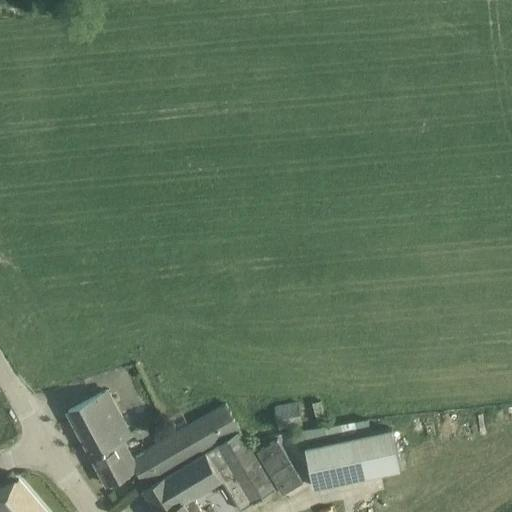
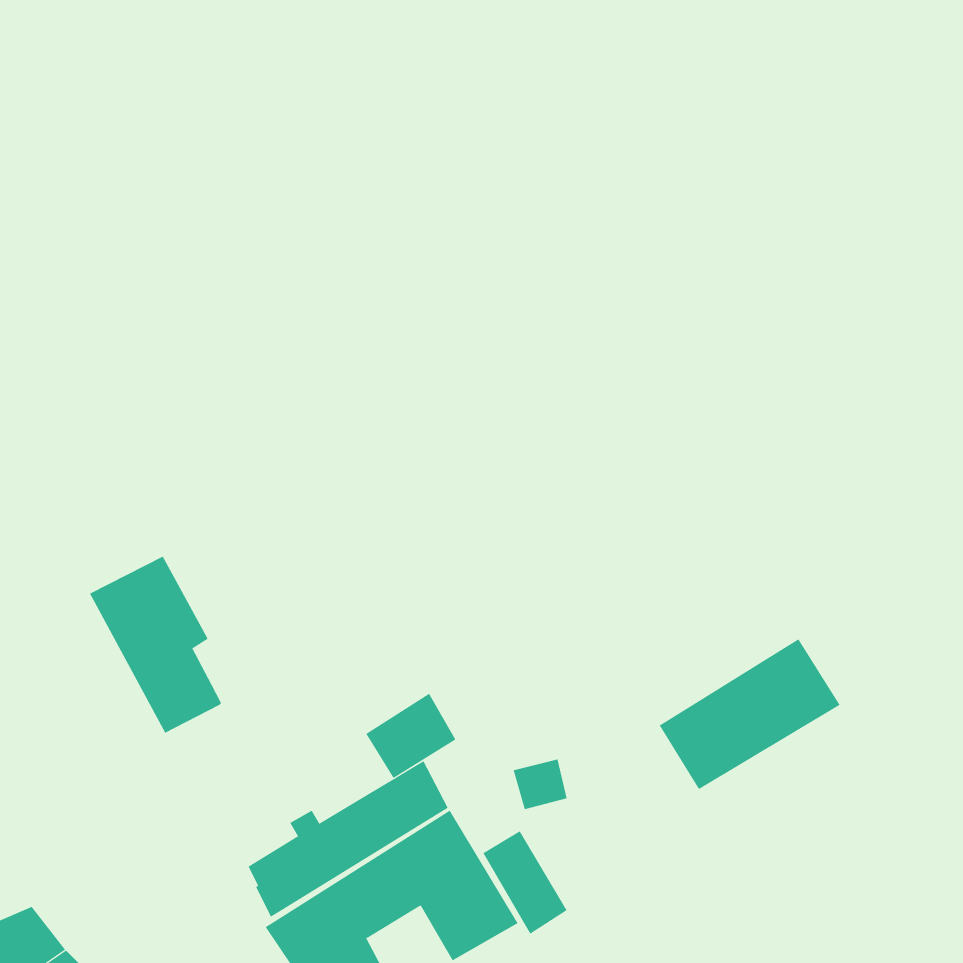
building: none -> [366,693,456,779]
building: [66,392,136,486] -> [89,556,222,734]
building: [316,418,412,498] -> [659,639,841,790]

